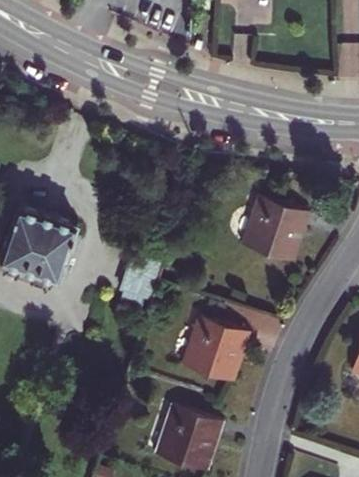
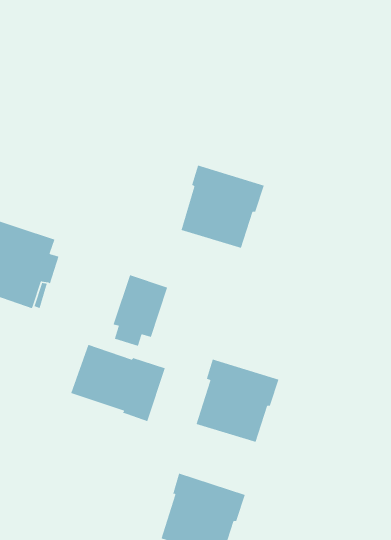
building: [244,197,309,262] -> [181,164,265,249]
building: none -> [70,344,166,422]

